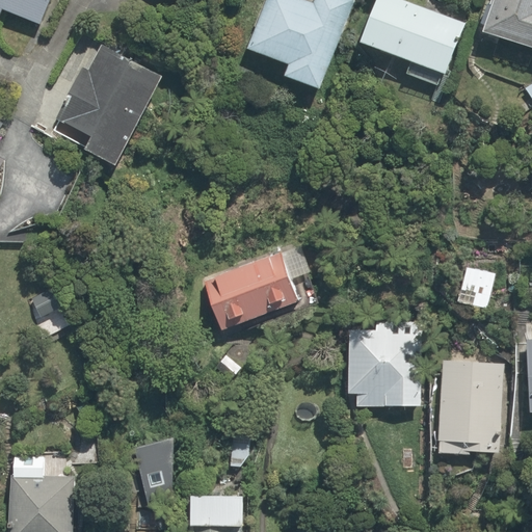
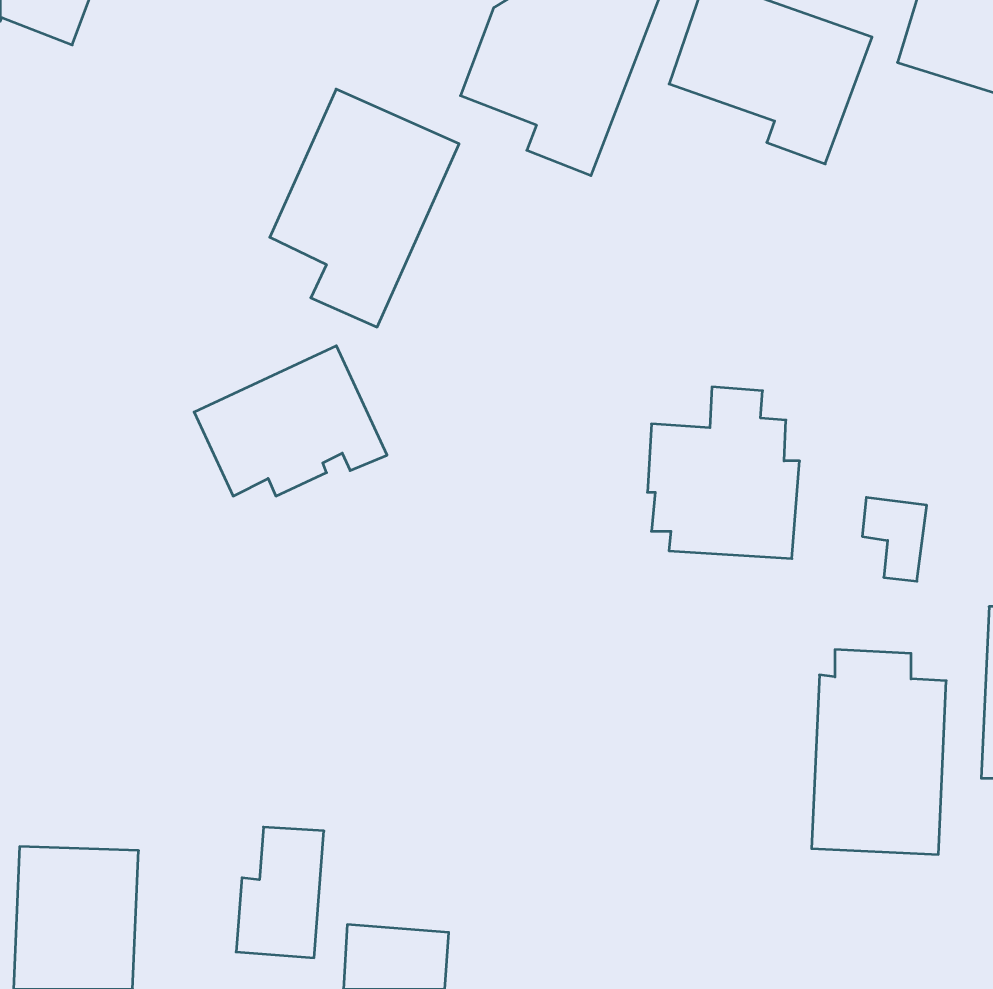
building: [61,42,162,168] -> [270,89,459,327]
building: [200,246,302,326] -> [194,346,387,496]
building: [344,317,425,408] -> [647,387,800,559]

